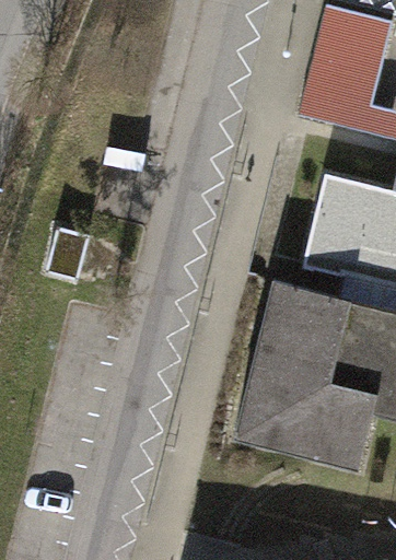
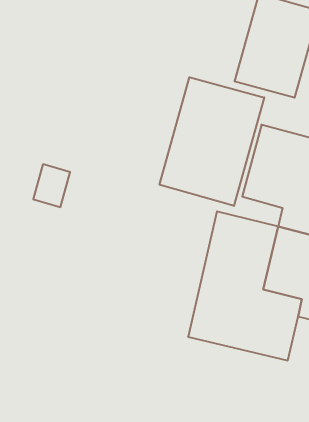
building: none -> [160,77,264,206]

